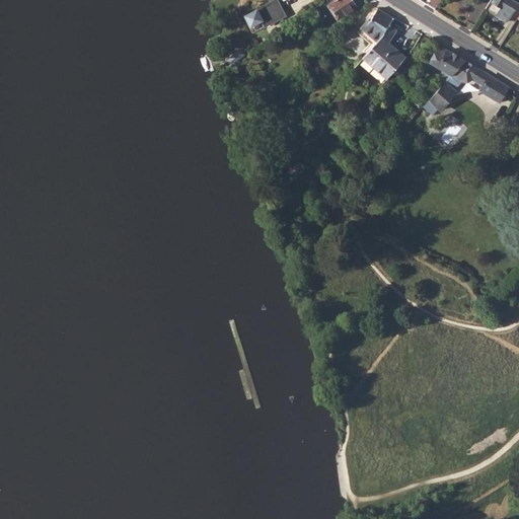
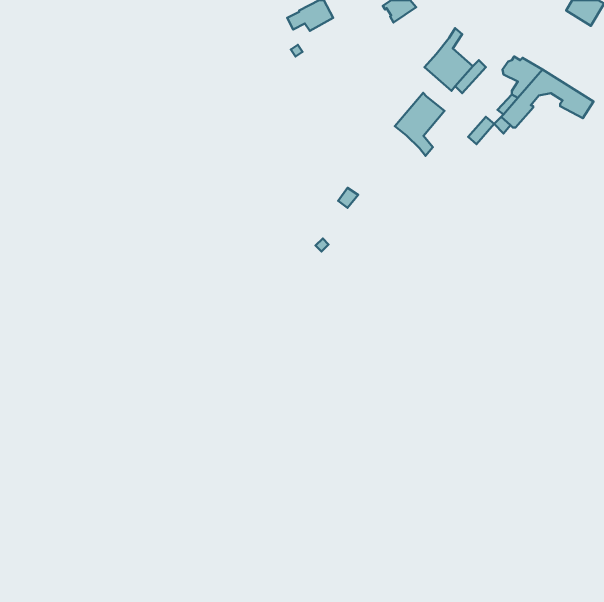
building: [357,9,394,48] -> none
building: none -> [395,93,444,156]

